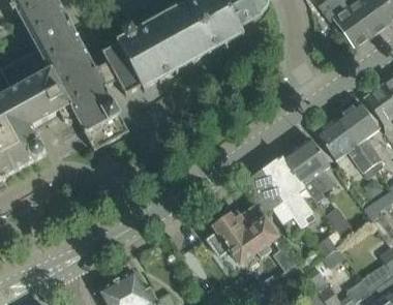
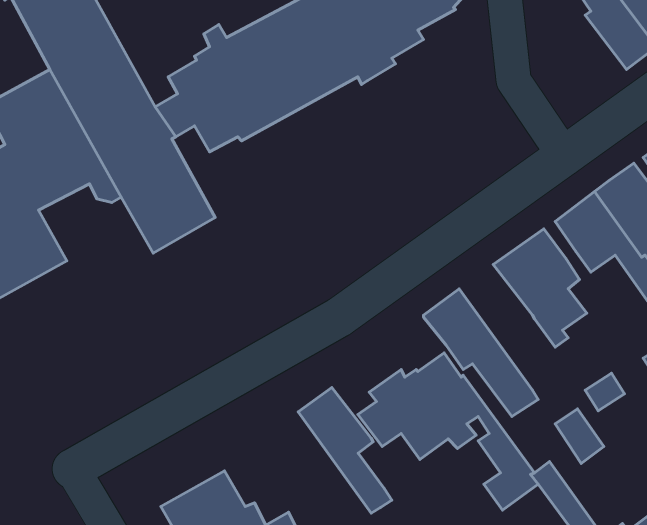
building: [263,155,314,224] -> [298,388,392,513]

